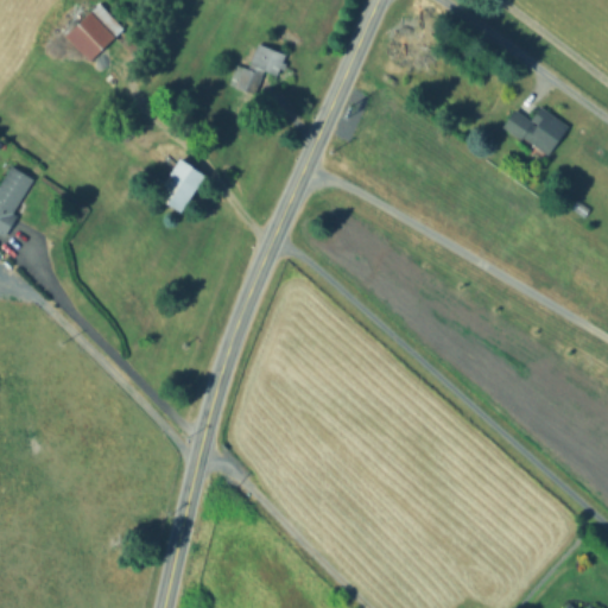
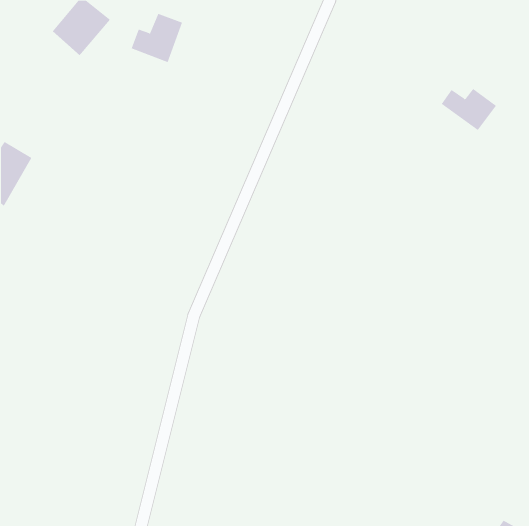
building: [226,45,285,102] -> [131,13,183,63]
building: [152,159,202,214] -> none

